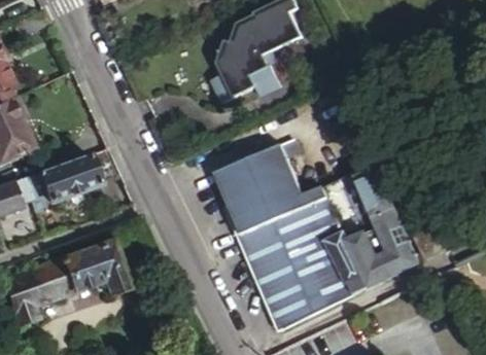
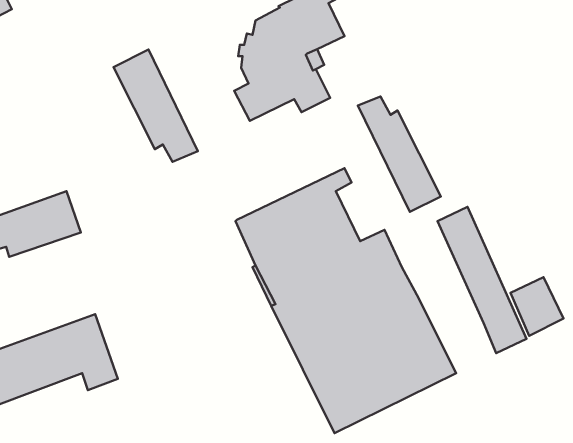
building: none -> [113,50,198,162]
building: none -> [358,96,441,212]
building: [346,232,397,285] -> none

